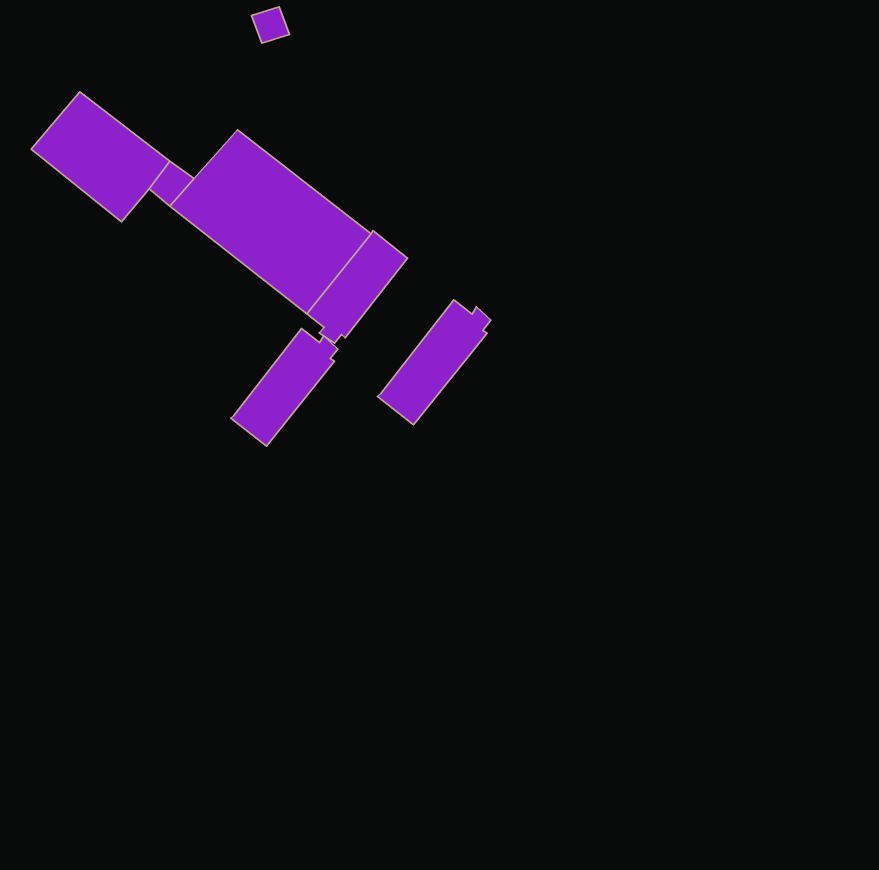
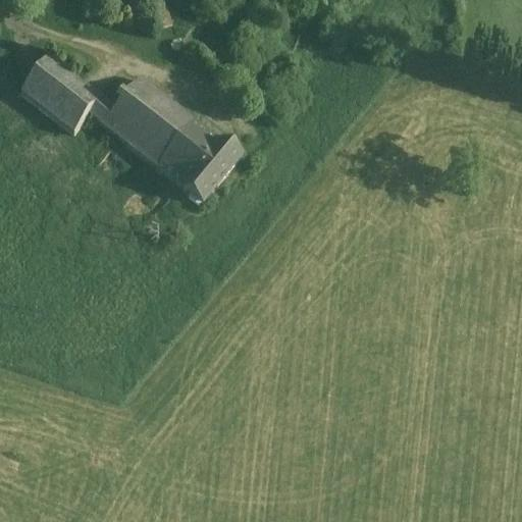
building: [377,300,491,425] -> none
building: [231,329,338,446] -> none

